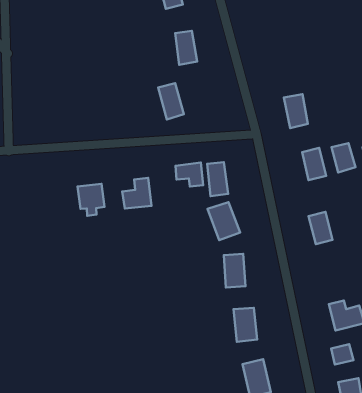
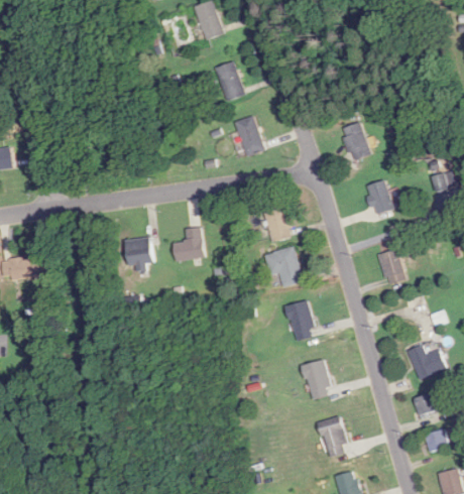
building: [158,83,184,120] -> [234,115,264,155]
building: [331,143,355,173] -> none
building: [176,163,203,187] -> none

